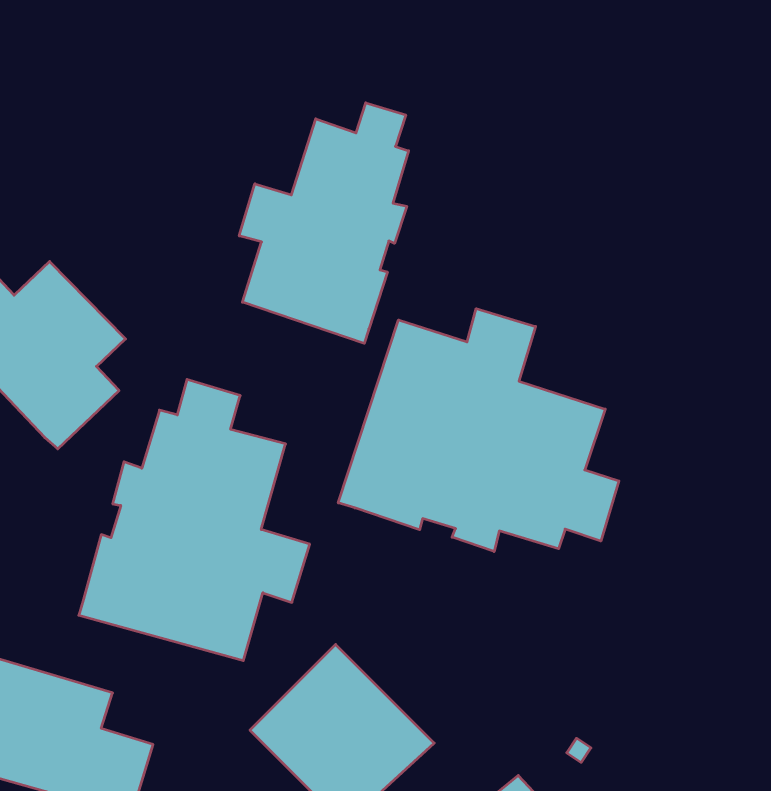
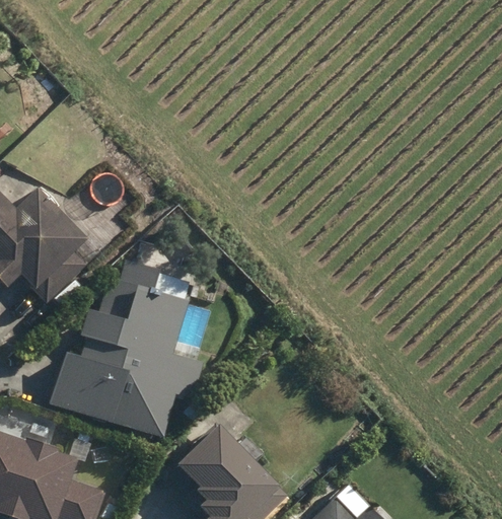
building: [239,103,409,343] -> none
building: [338,309,619,552] -> none

